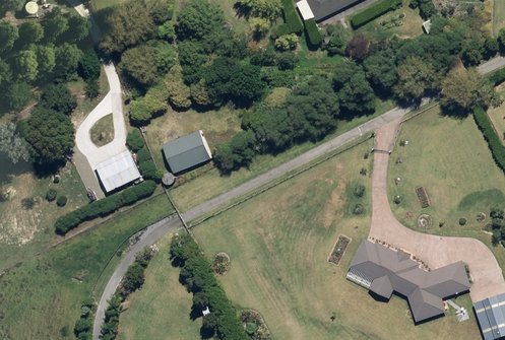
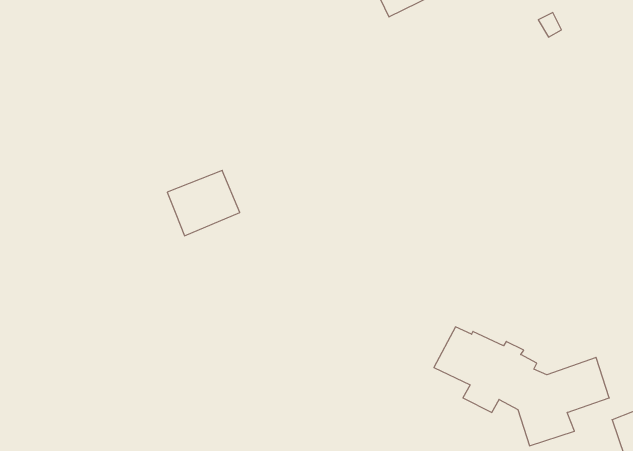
building: [96,150,141,192] -> none

